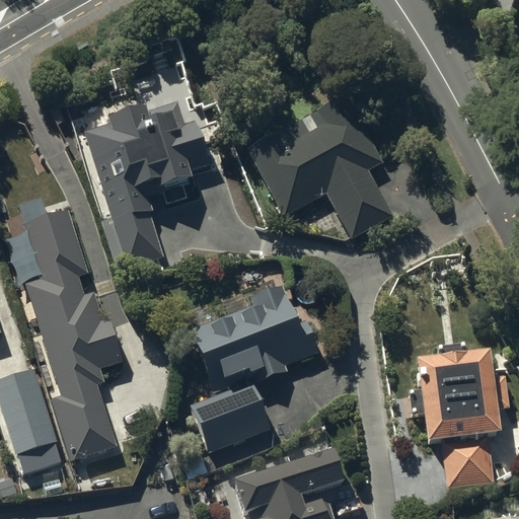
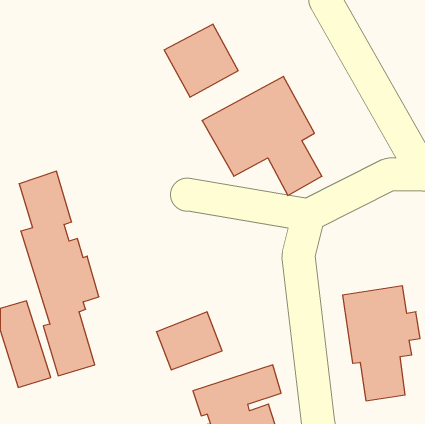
building: none -> [164,24,238,97]
building: [85,100,209,272] -> none
building: [191,284,317,392] -> none

